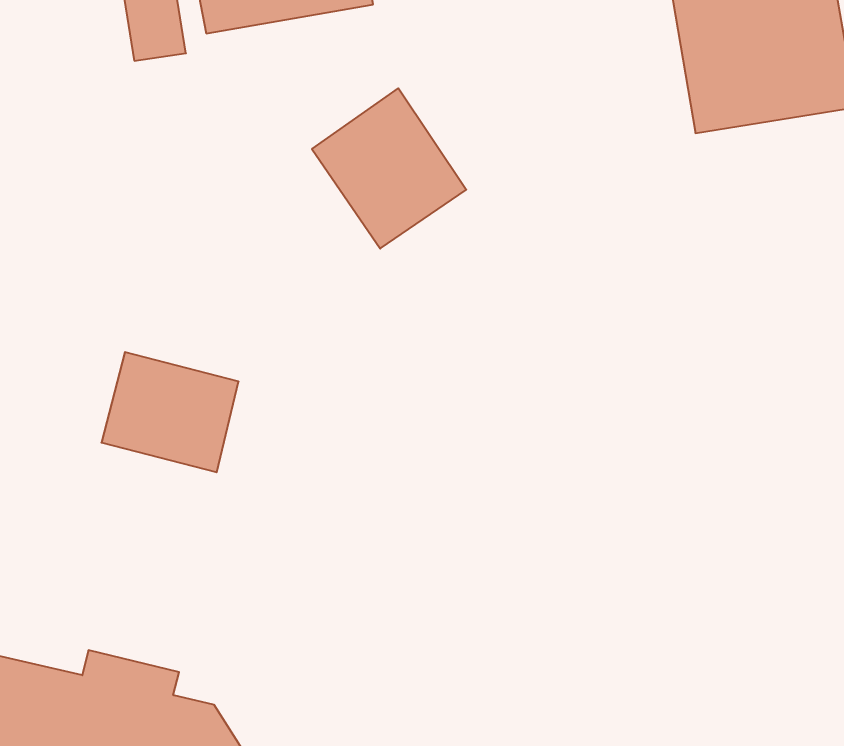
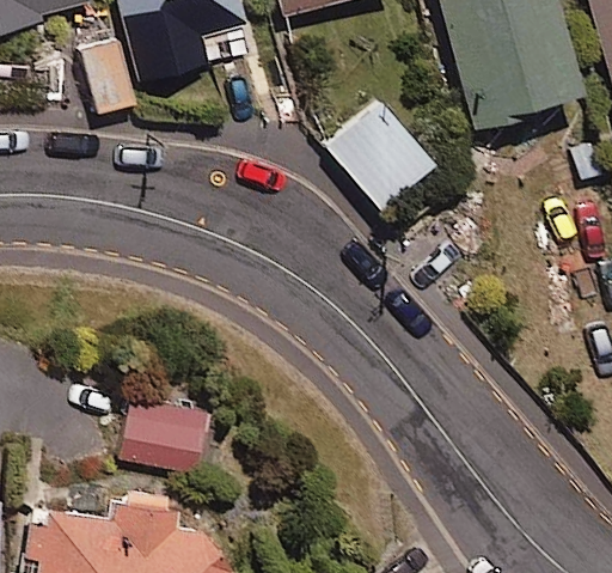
building: [312,88,466,249] -> [328,100,432,207]
building: [101,352,239,472] -> [118,398,204,471]

